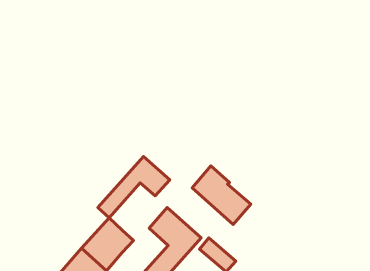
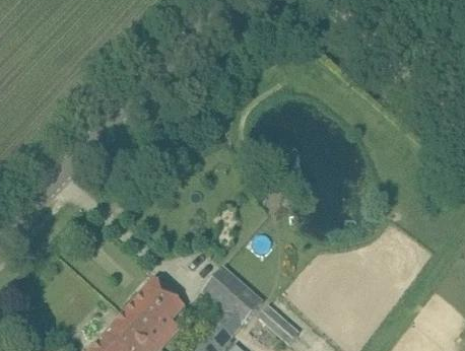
building: [98,156,170,218] -> none
building: [192,166,251,225] -> none

